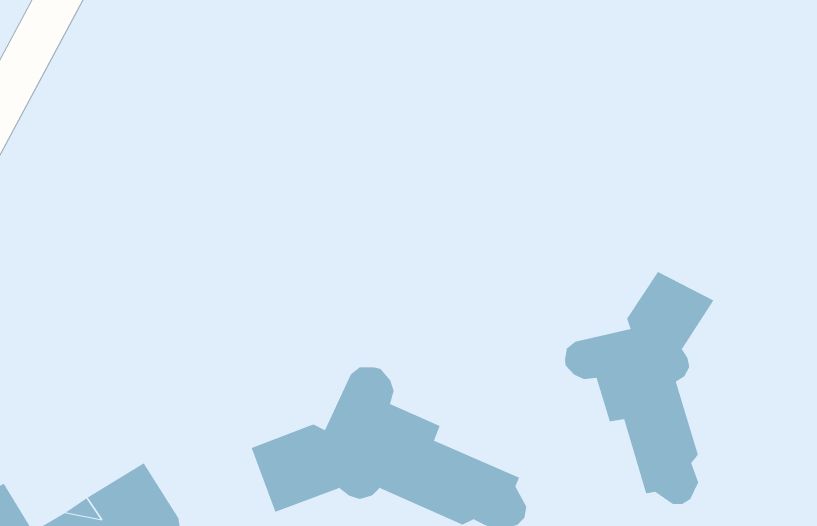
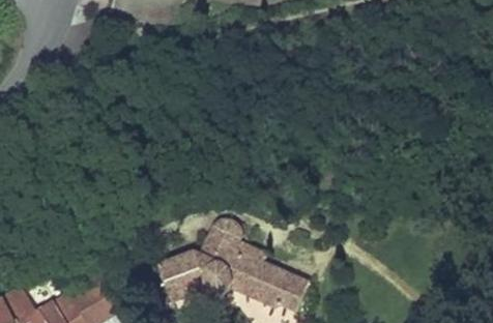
building: [564,271,714,505] -> none

